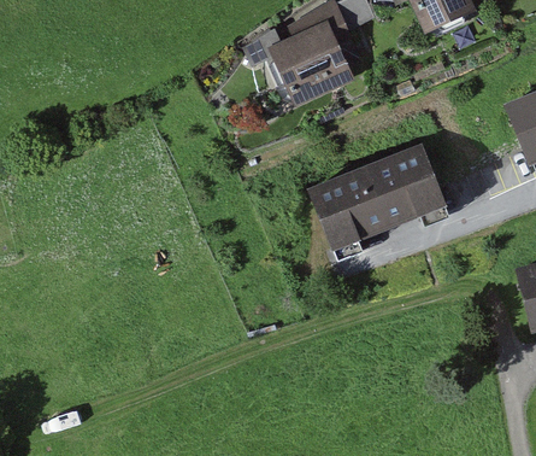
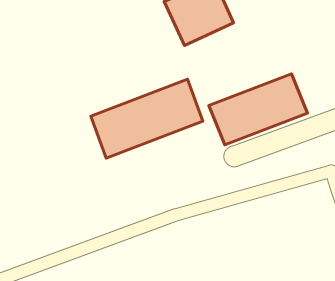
building: none -> [91,79,203,158]

